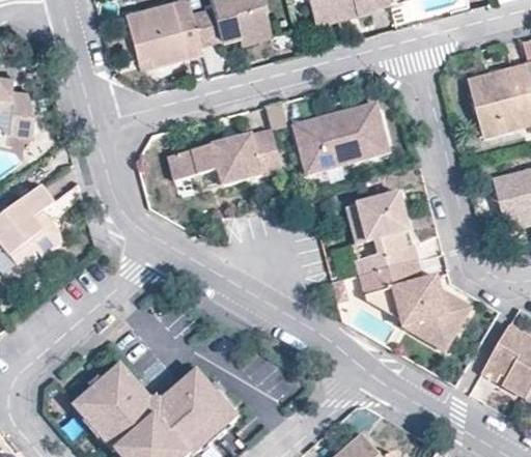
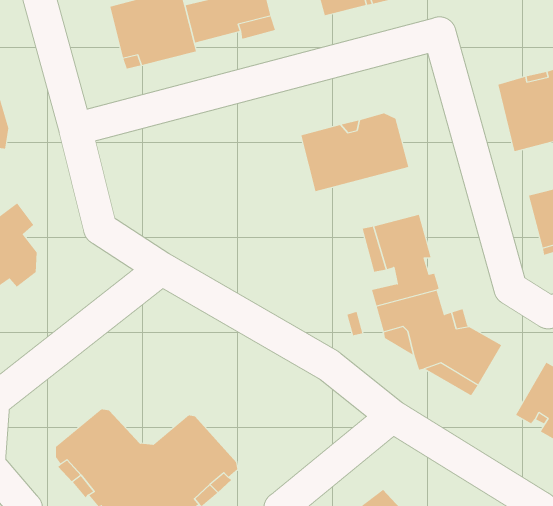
building: [169,130,282,184] -> none

